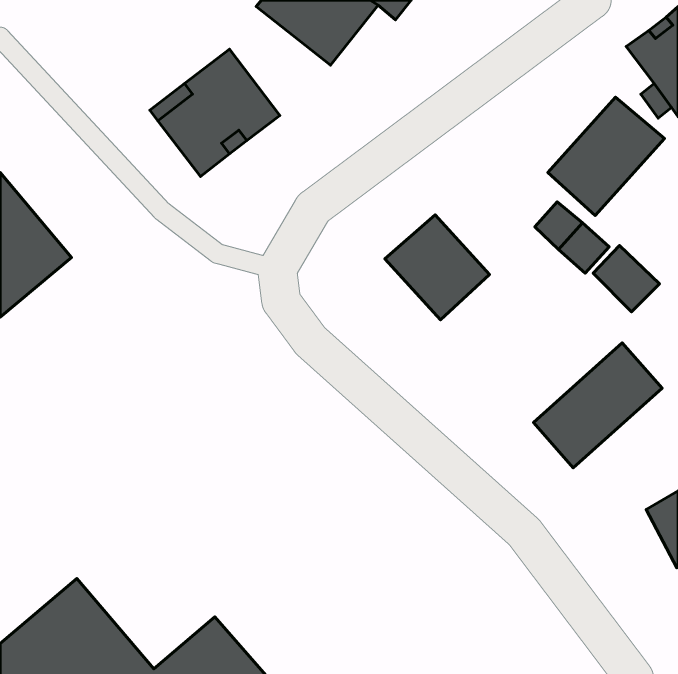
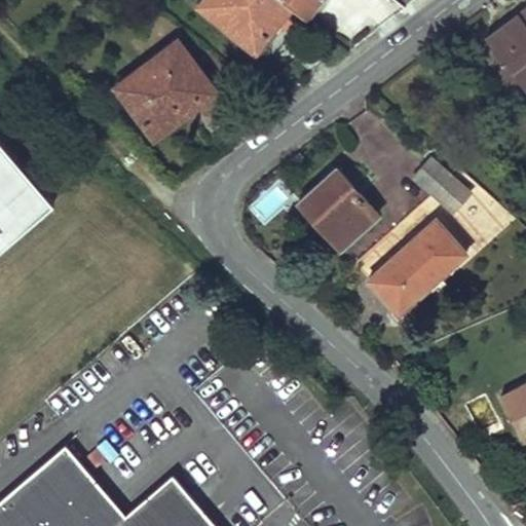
building: [548,97,664,215] -> none
building: [533,343,662,468] -> [368,220,467,316]

